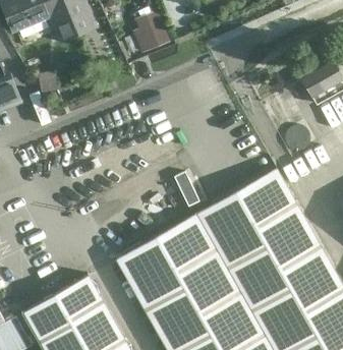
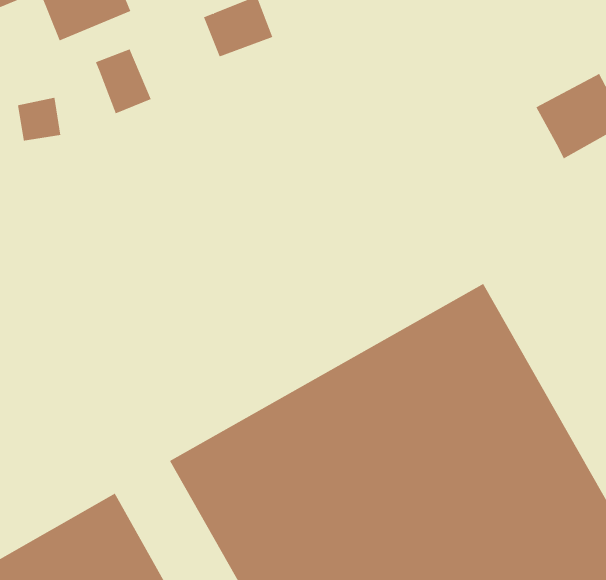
building: none -> [95,48,151,114]

